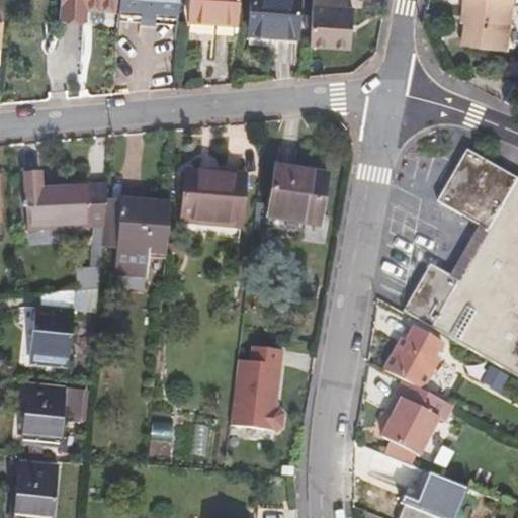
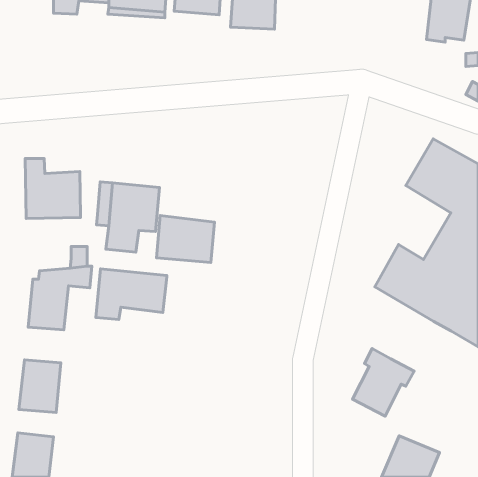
building: [310,5,364,53] -> none
building: [270,164,326,223] -> none
building: [184,168,247,219] -> [156,216,214,262]
building: [86,184,109,233] -> none
building: none -> [96,269,167,319]
building: [383,326,440,387] -> none
building: [229,347,282,429] -> none

